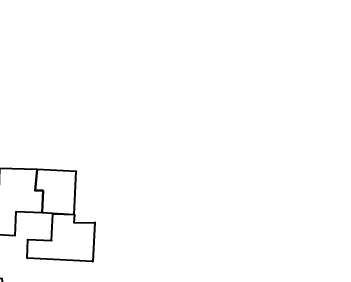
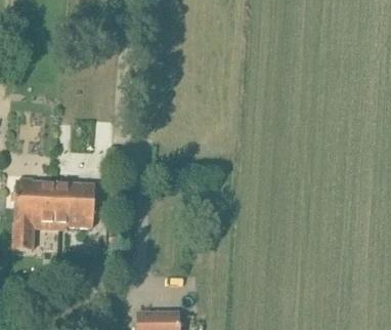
building: [27,214,95,262] -> none

